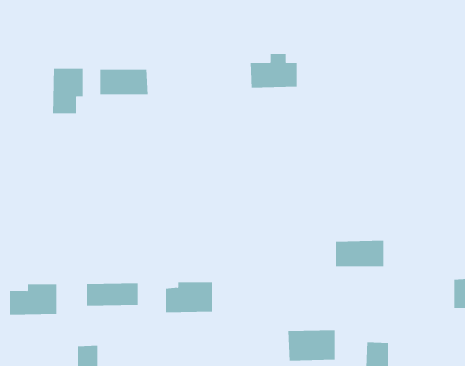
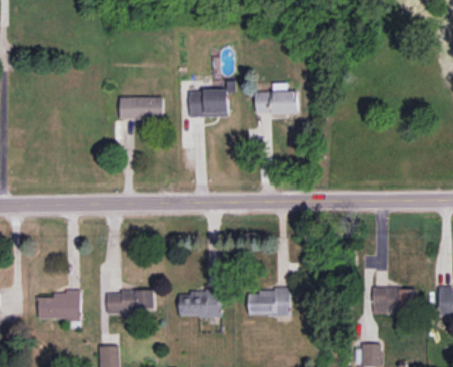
building: none -> [188,81,235,117]
building: [52,68,83,114] -> none
building: [335,240,384,267] -> [372,287,416,311]
building: [288,330,336,361] -> [247,288,290,316]

